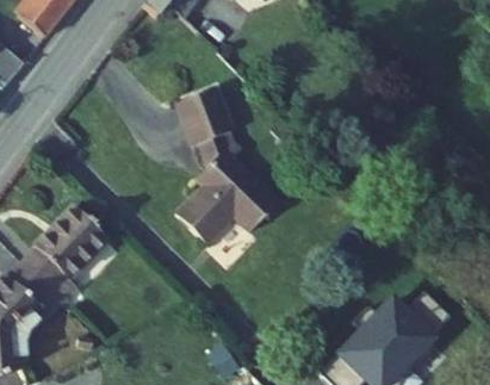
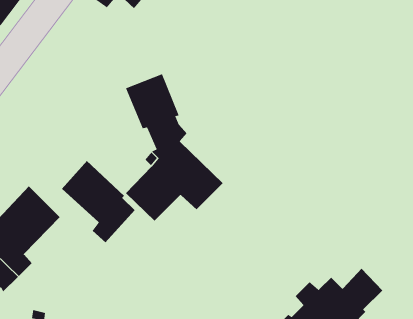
building: none -> [61,160,136,243]

